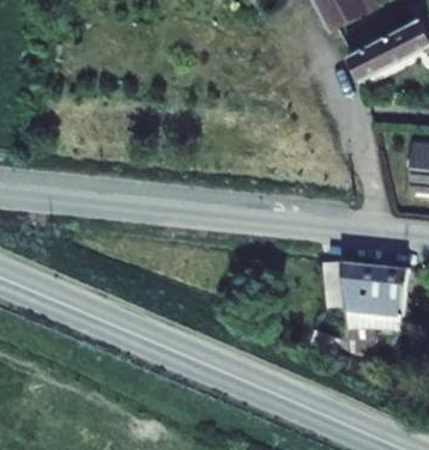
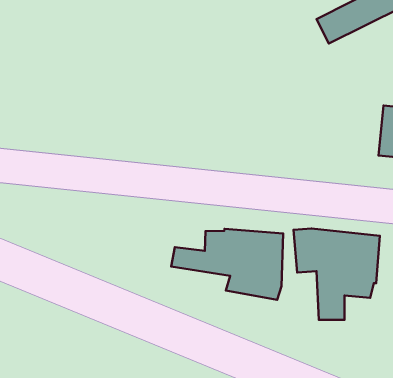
building: none -> [171,229,283,300]

